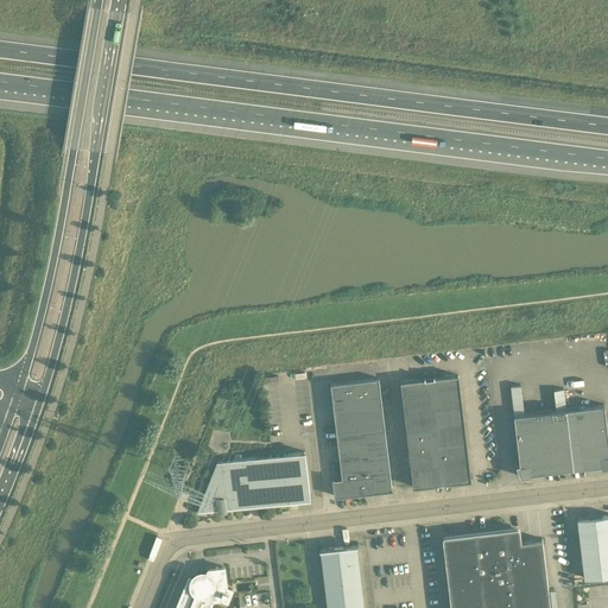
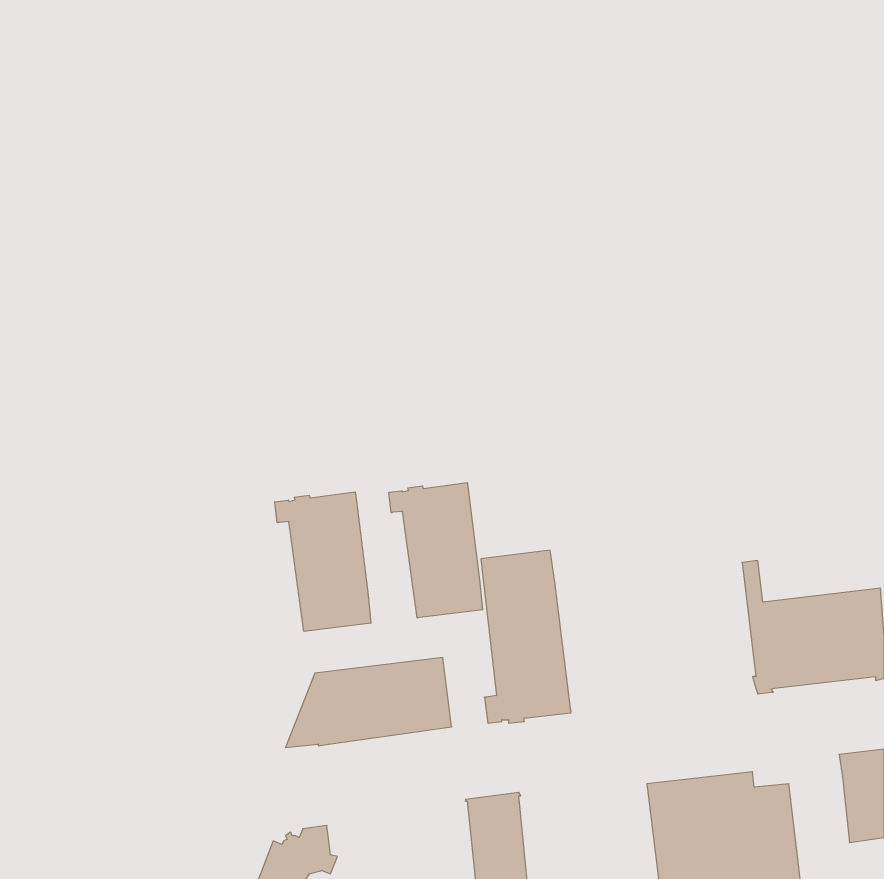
building: none -> [389,483,482,618]
building: none -> [275,492,371,631]
building: [400,379,470,490] -> none

